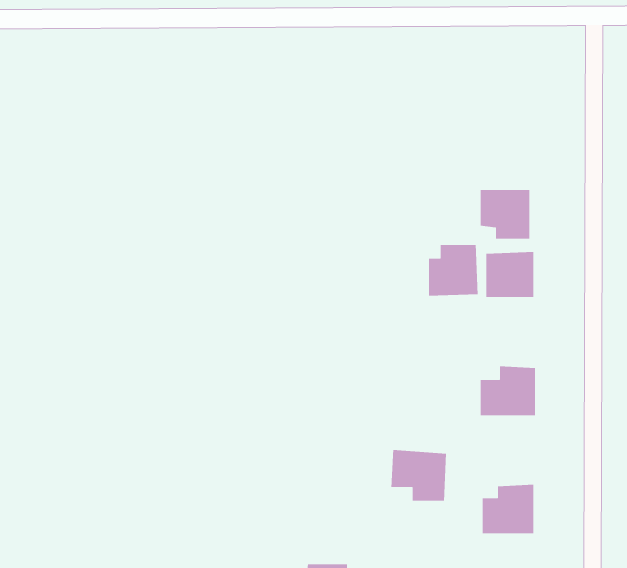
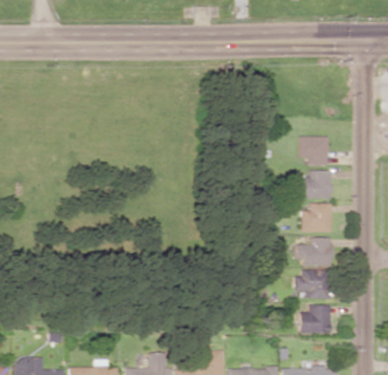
building: [428,244,479,297] -> [303,202,332,232]
building: [390,449,447,502] -> [297,269,329,299]

